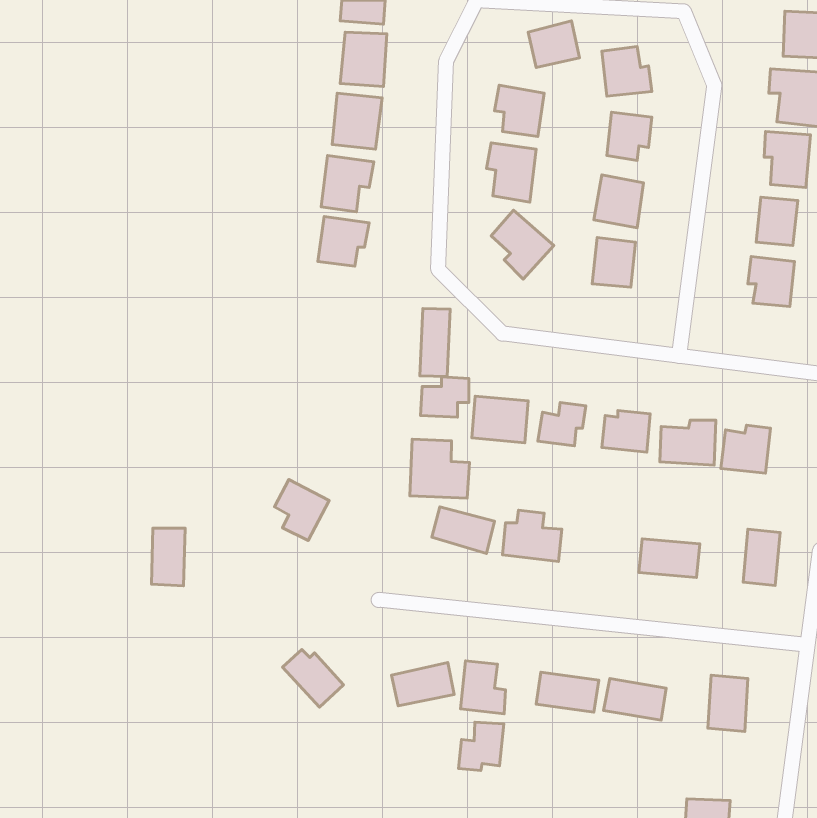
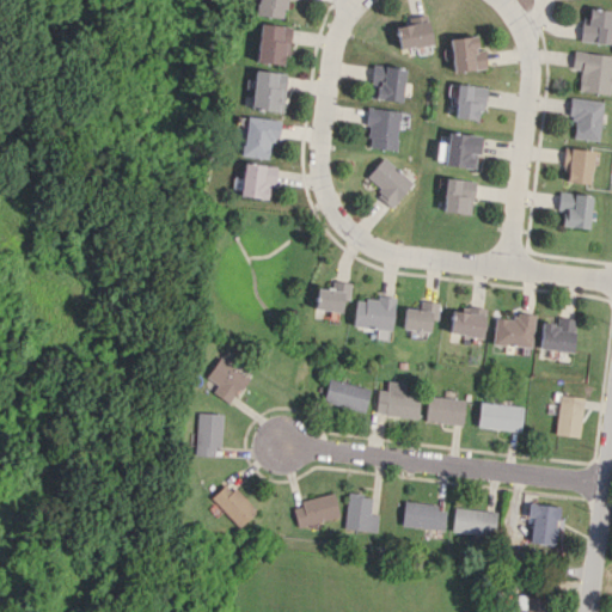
building: [420,308,450,377] -> none
building: [410,439,469,498] -> none
building: [151,528,185,586] -> [196,414,221,457]
building: none -> [427,397,466,426]
building: [458,722,504,770] -> none

